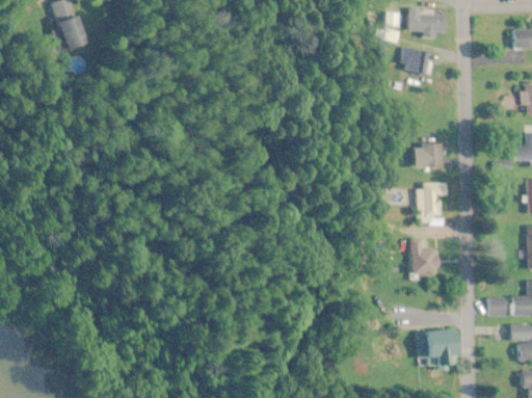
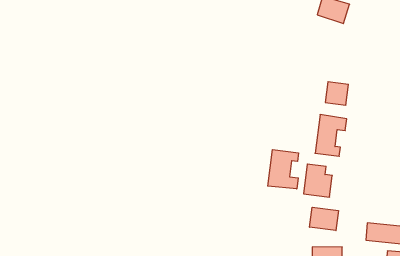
building: none -> [268,150,298,189]
building: none -> [310,207,338,231]

